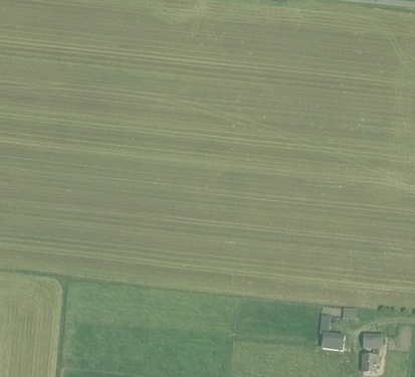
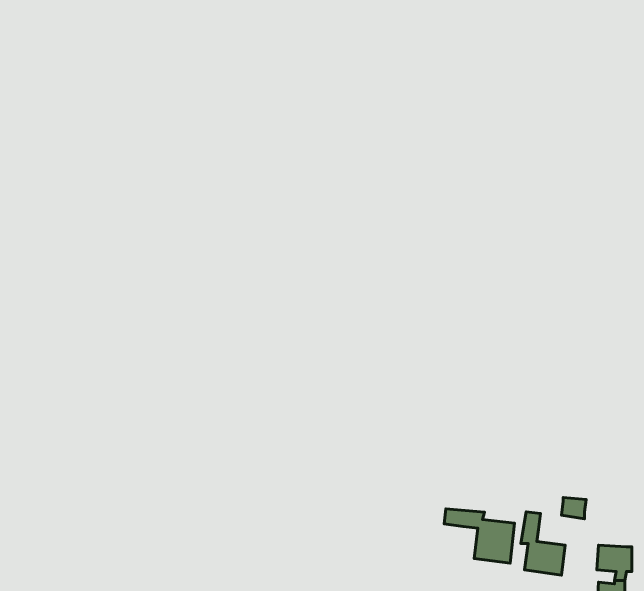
building: none -> [444,509,514,563]

